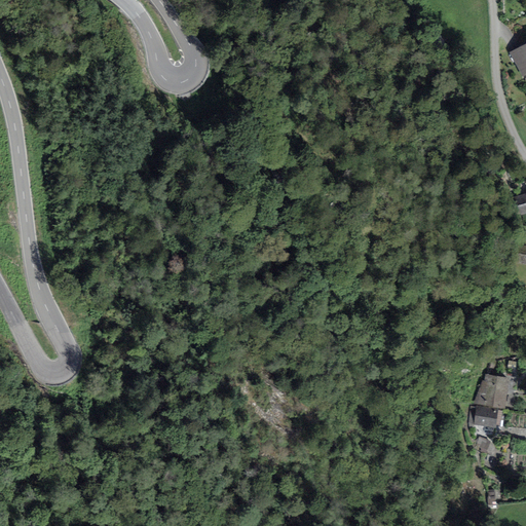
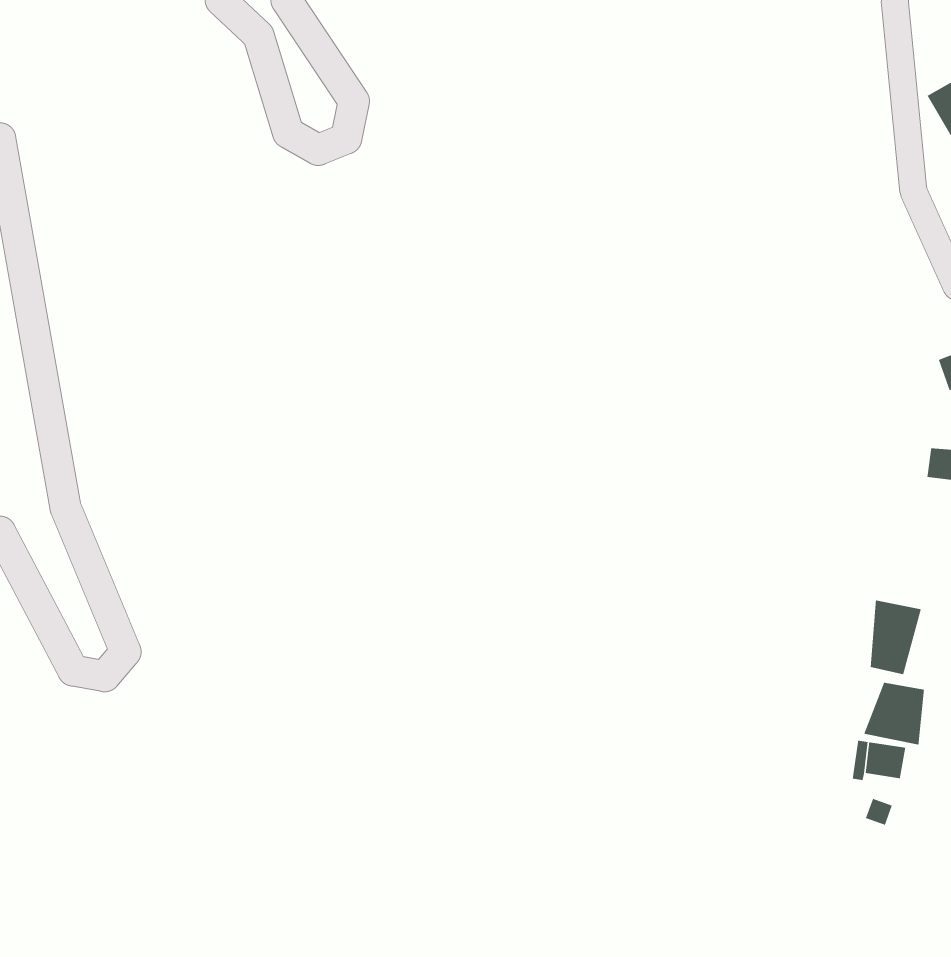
building: none -> [870,600,922,675]

